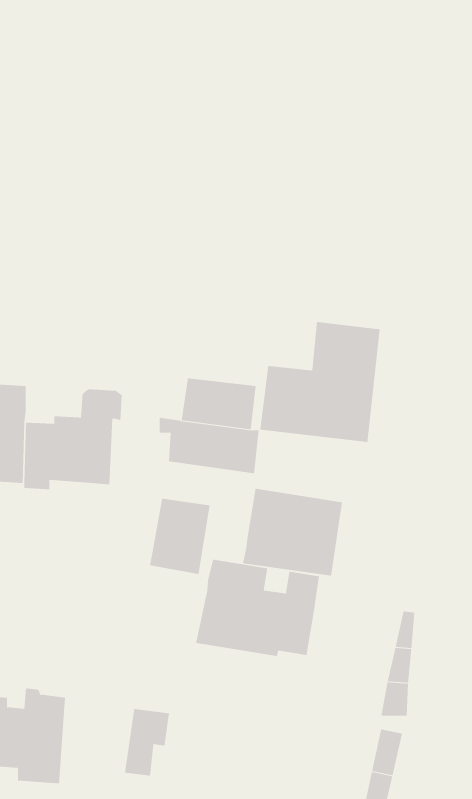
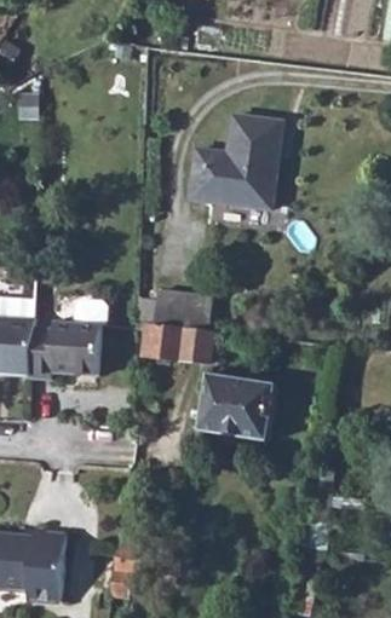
building: [259,321,381,442] -> [189,116,282,209]
building: [149,498,210,575] -> none
building: [195,559,319,657] -> none

